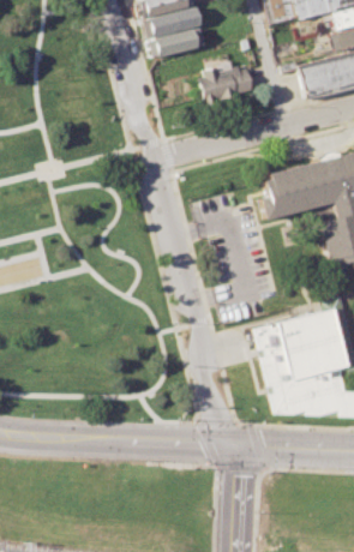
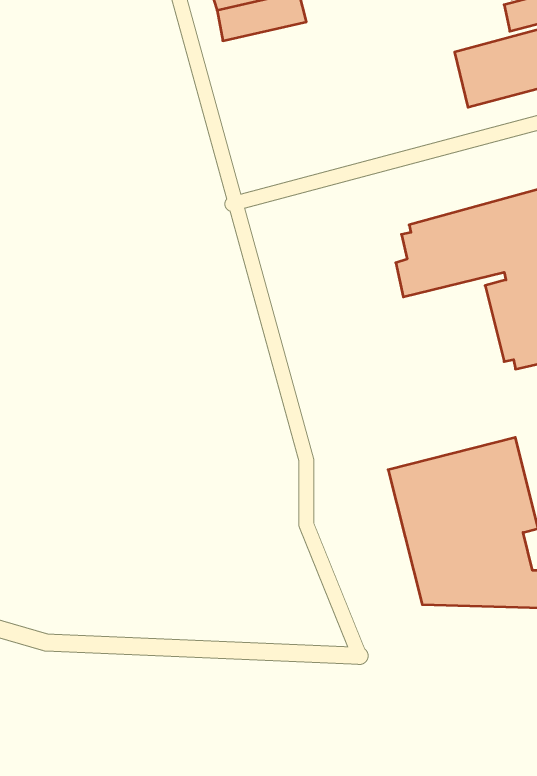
building: [200,60,254,102] -> none

